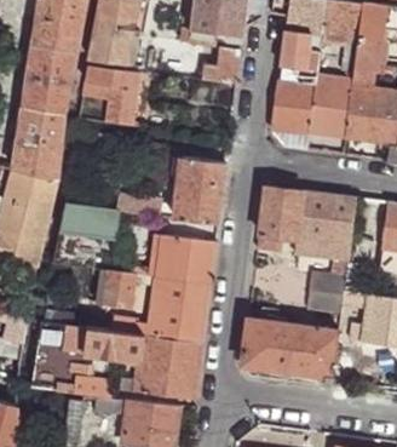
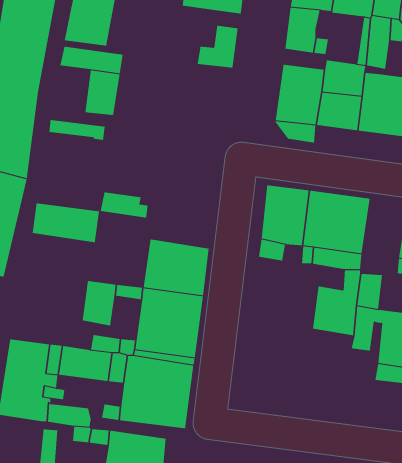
building: [174,154,225,223] -> none
building: [241,319,338,376] -> none

